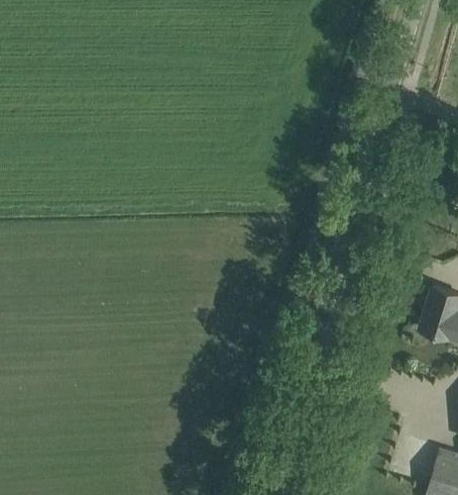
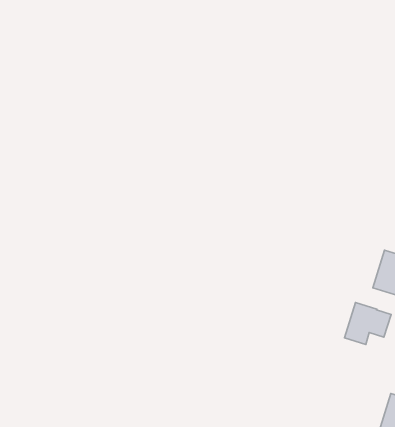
building: none -> [345,303,391,344]

